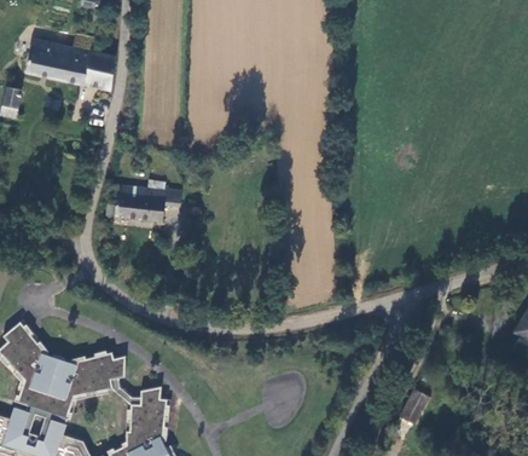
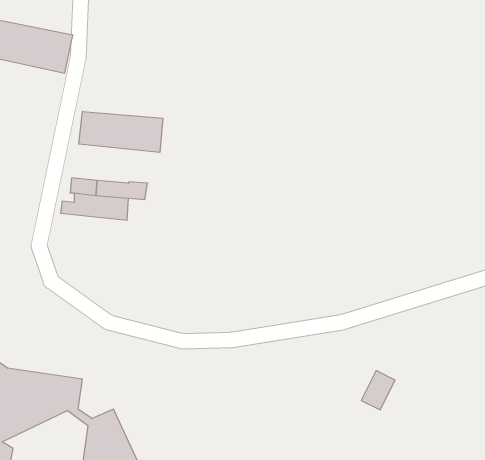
building: none -> [79,111,163,152]
building: [399,392,429,427] -> [361,371,395,410]

